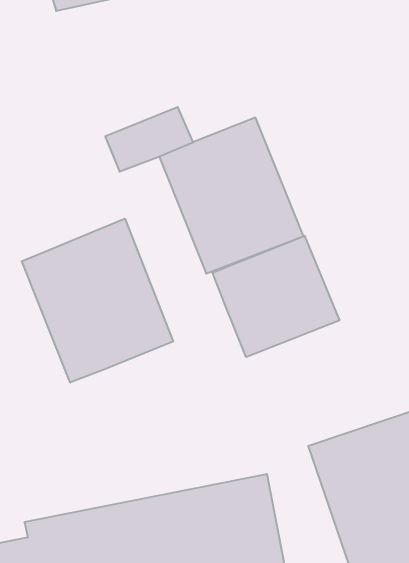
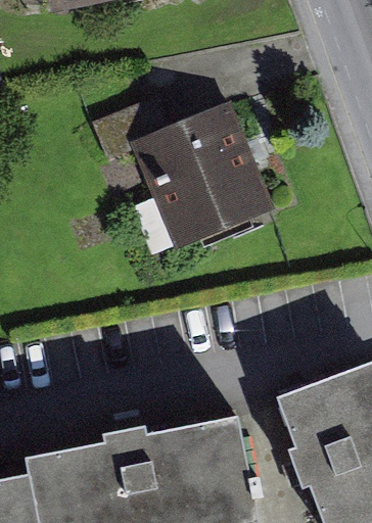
building: [22,219,173,383] -> none
building: [213,236,339,357] -> none

